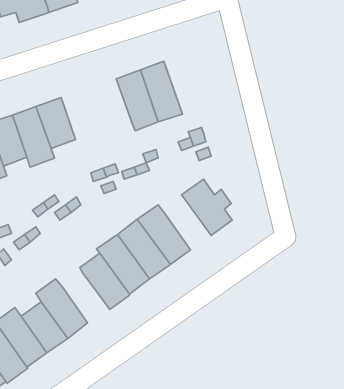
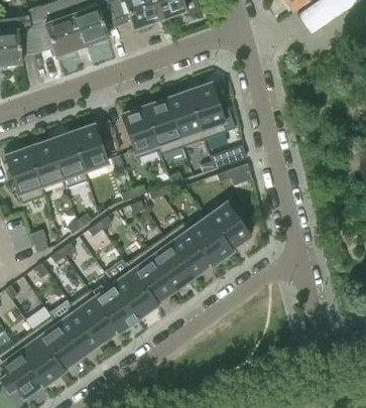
building: none -> [188,85,227,140]
building: none -> [121,108,159,158]
building: none -> [189,218,232,265]
building: none -> [95,284,138,332]

